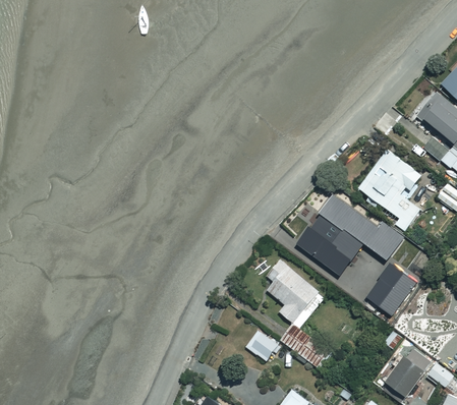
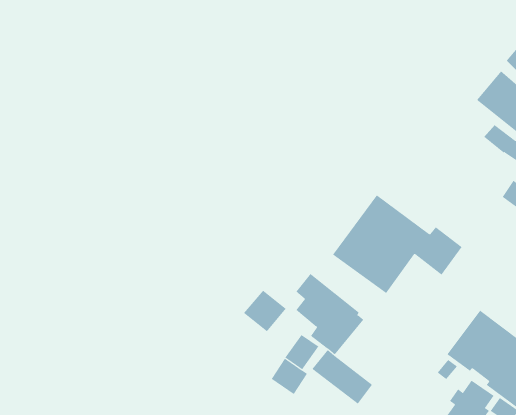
building: [358,149,421,230] -> none
building: [366,264,417,315] -> none
building: none -> [243,290,286,332]
building: none -> [285,334,319,370]

